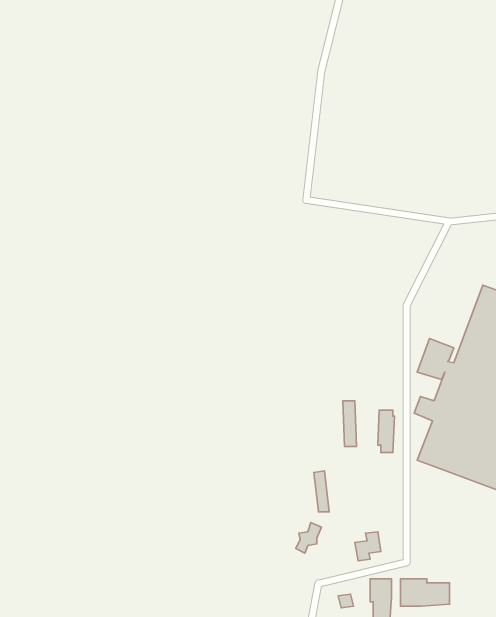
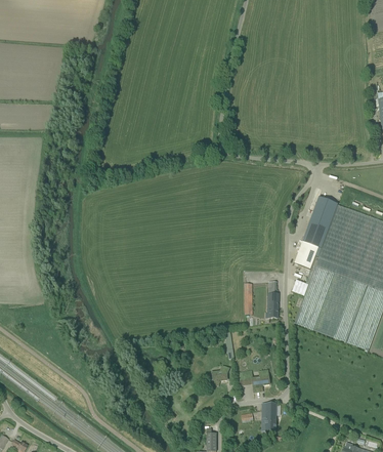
building: none -> [302,197,338,248]
building: [400,579,450,606] -> none

